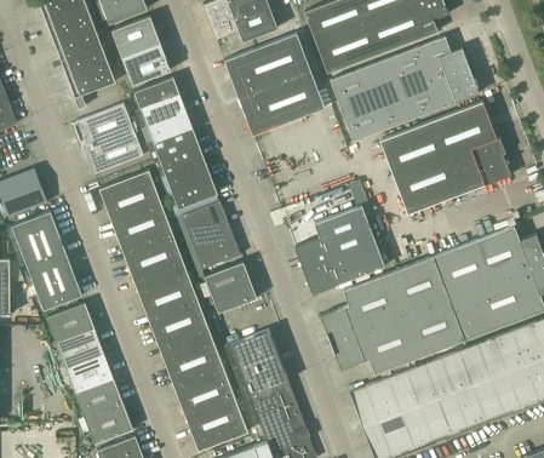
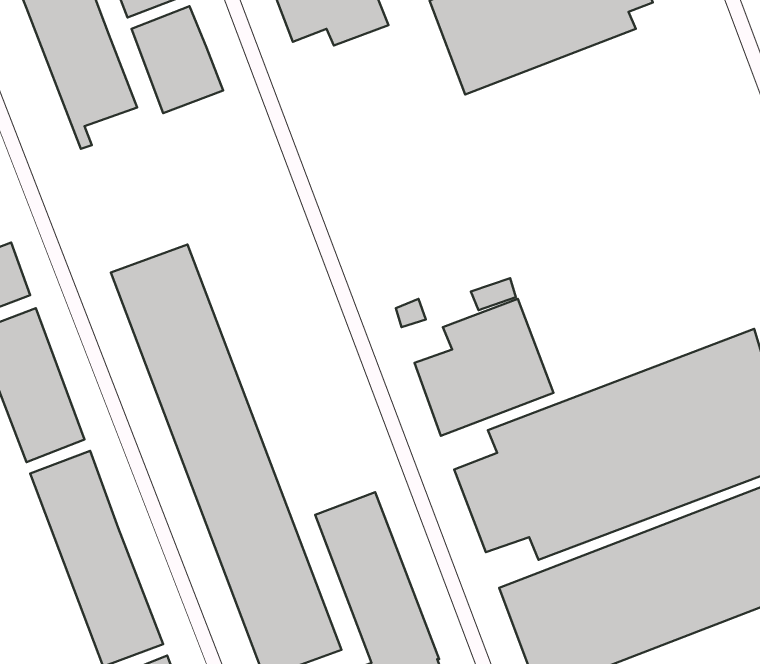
building: [223,34,323,136] -> none
building: [330,36,479,142] -> none
building: [134,78,217,208] -> none
building: [379,102,510,213] -> none
building: [73,104,143,174] -> none
building: [181,201,240,270] -> none
building: [205,263,257,314] -> none

